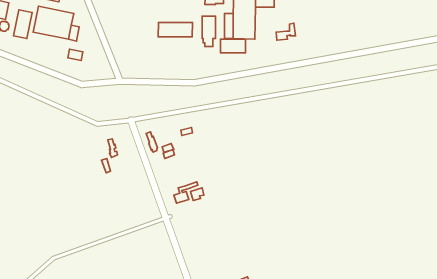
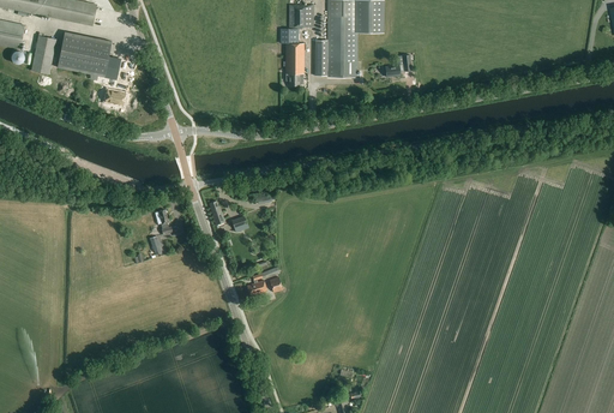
building: [158,23,192,37] -> none
building: [220,39,246,53] -> none

